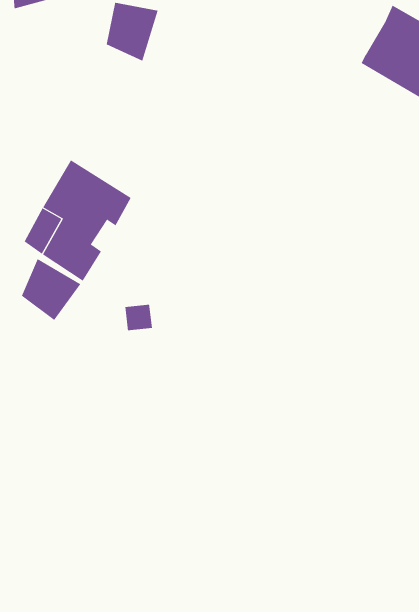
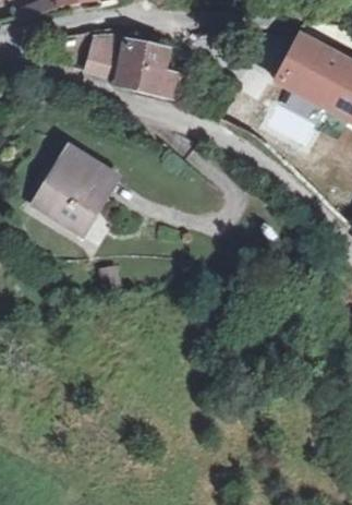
building: none -> [117,38,177,97]
building: [21,258,81,321] -> none

